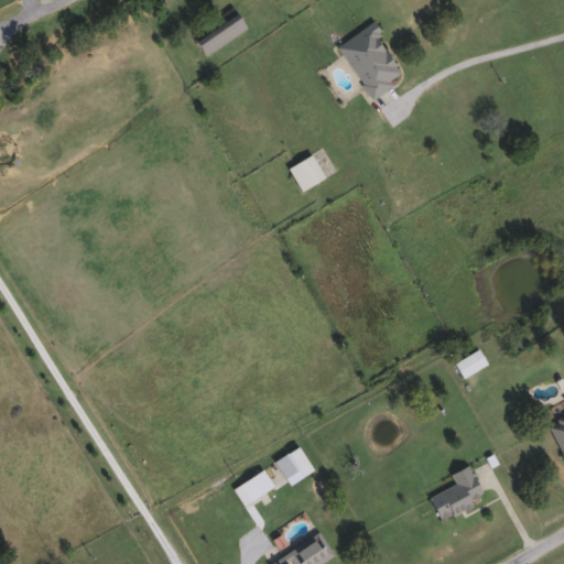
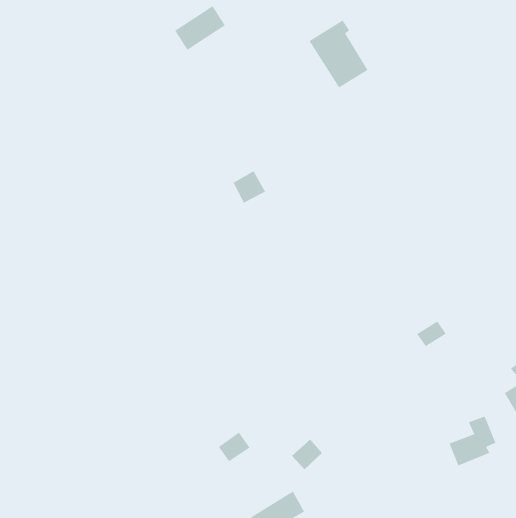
building: [290,155,326,192] -> [232,170,266,204]
building: [275,446,310,480] -> [291,439,323,470]
building: [431,466,482,521] -> [449,416,496,467]

